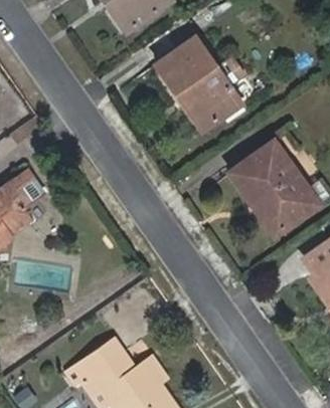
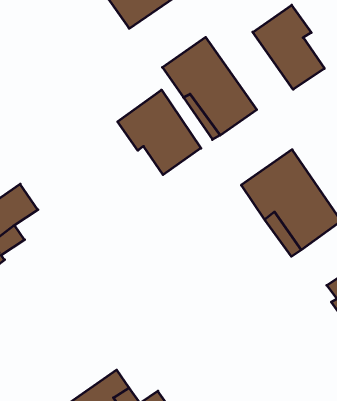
building: none -> [253,5,324,89]
building: none -> [118,90,201,175]

